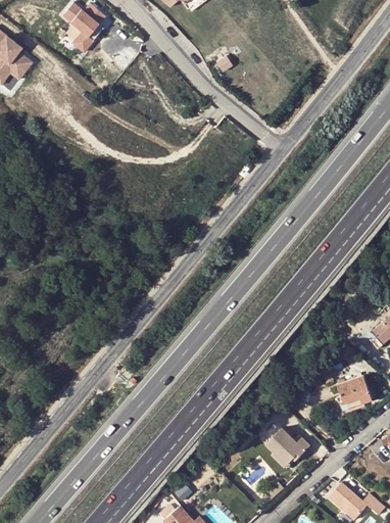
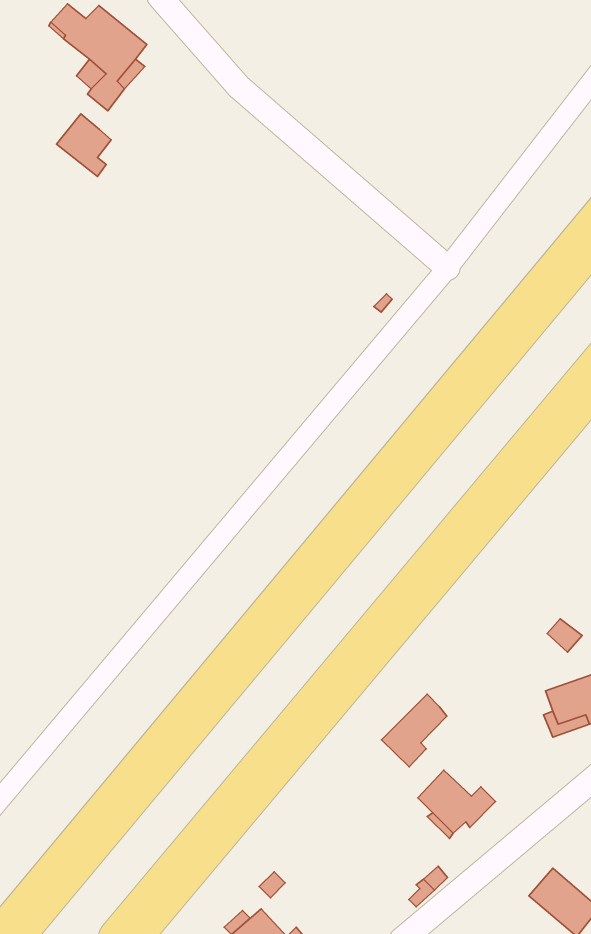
building: none -> [57,114,111,177]
building: none -> [381,694,447,767]

